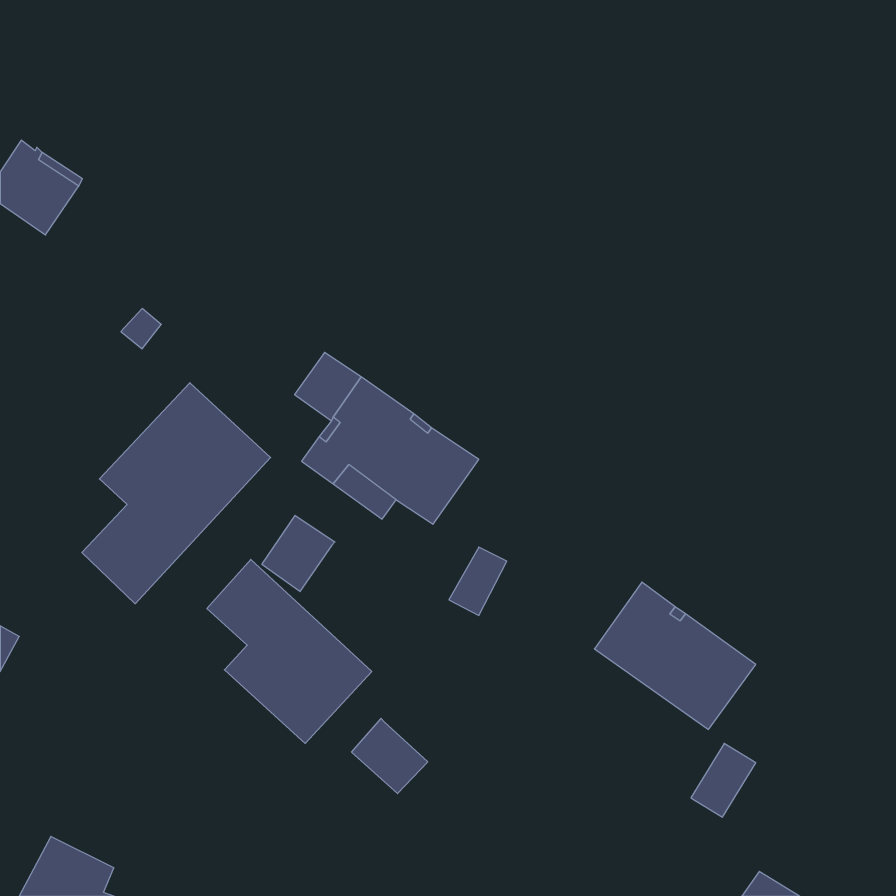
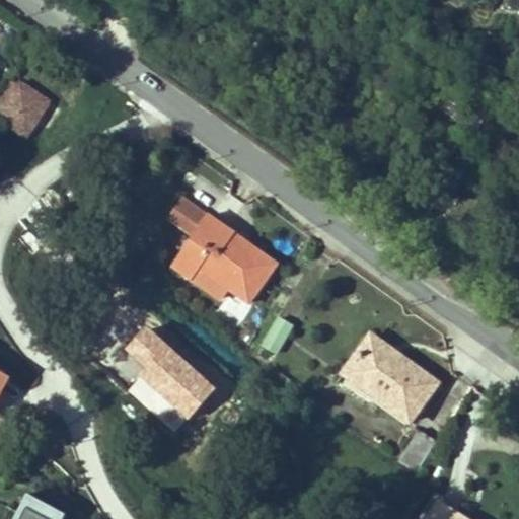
building: [82,383,271,604] -> none
building: [262,515,335,592] -> none
building: [352,718,428,794] -> none

